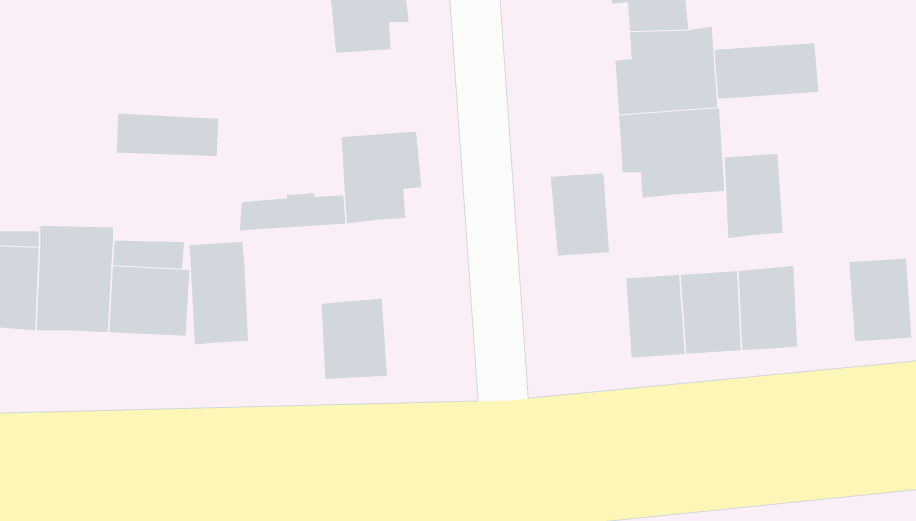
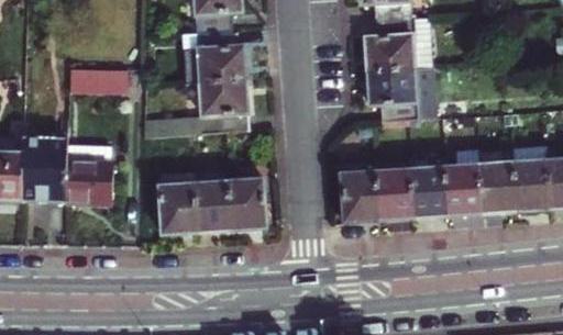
building: [714,43,819,99] -> none
building: none -> [189,33,253,87]
building: [724,153,784,239] -> [482,161,518,213]
building: [550,173,610,256] -> [346,171,383,222]
building: [189,241,249,345] -> [161,172,197,235]
building: none -> [232,181,268,231]

